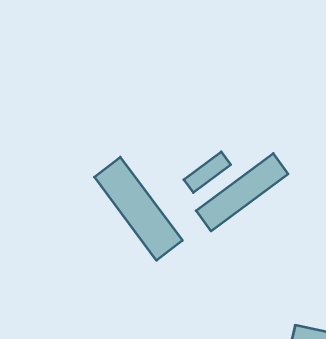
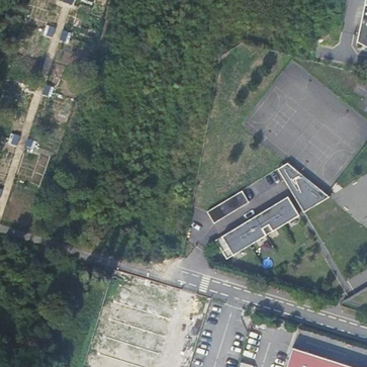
building: none -> [279,162,331,211]
building: [94,157,182,260] -> none

